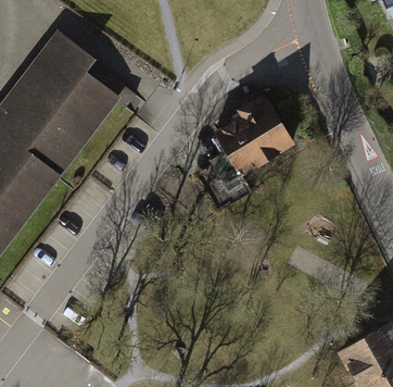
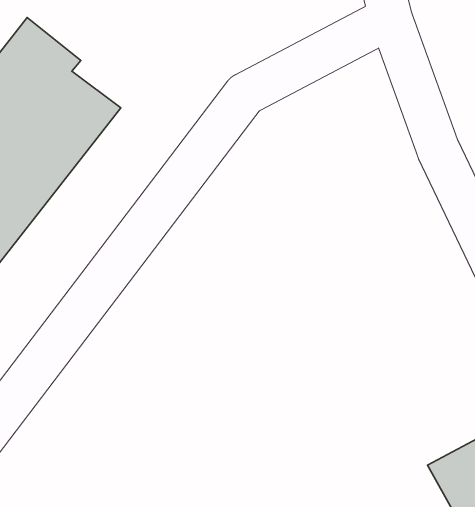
building: [207,97,294,195] -> none

